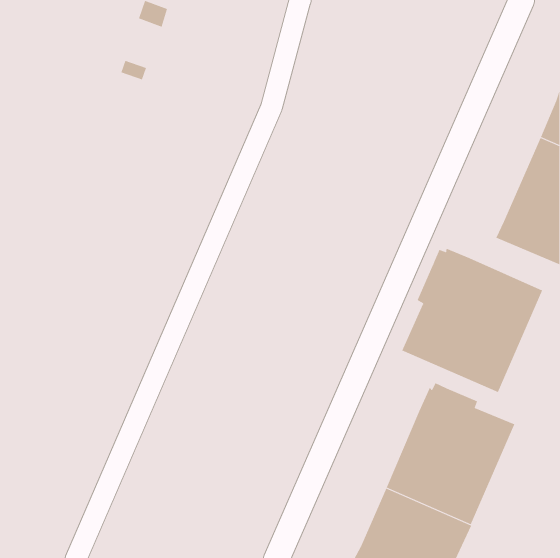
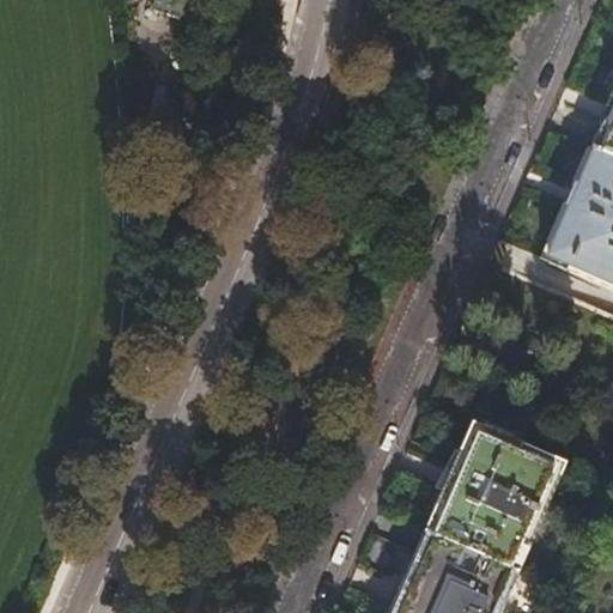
building: [402,248,543,393] -> none

